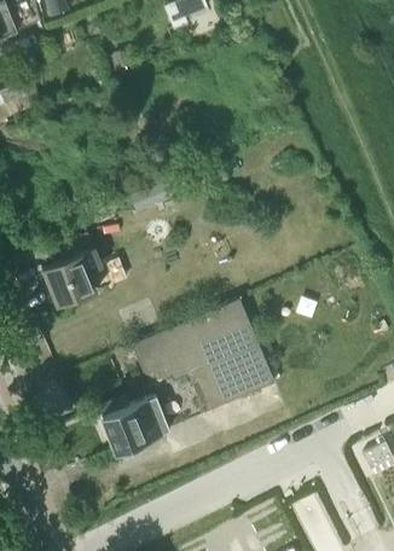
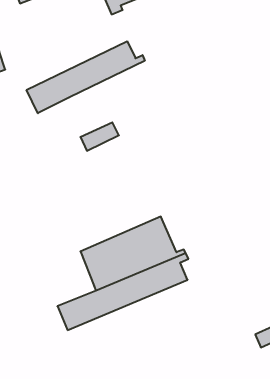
building: none -> [27,41,145,113]
building: [41,249,108,307] -> none

